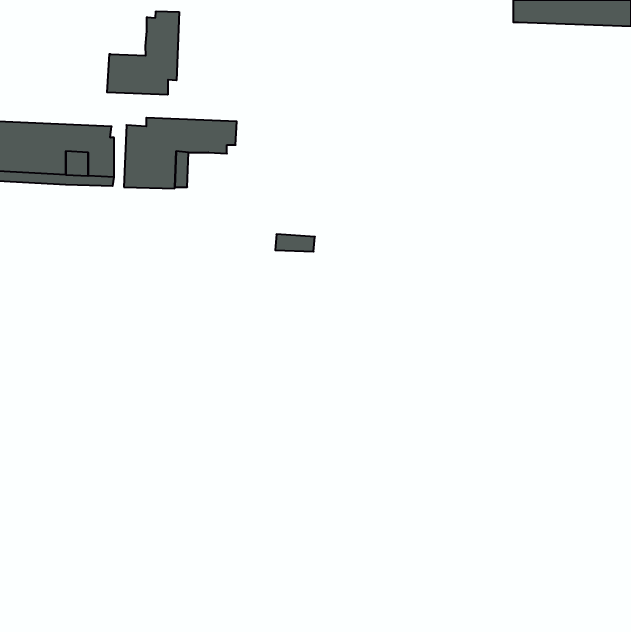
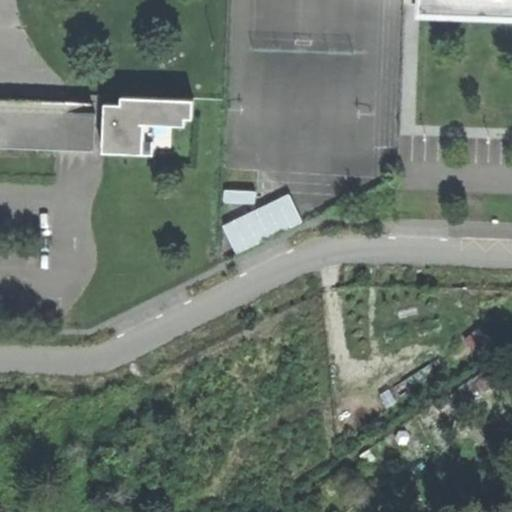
building: [107,11,179,95] -> none
building: none -> [222,194,301,254]

